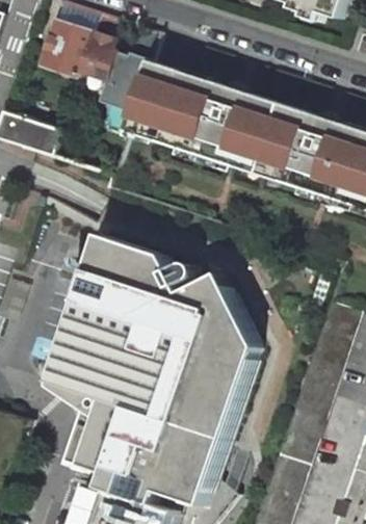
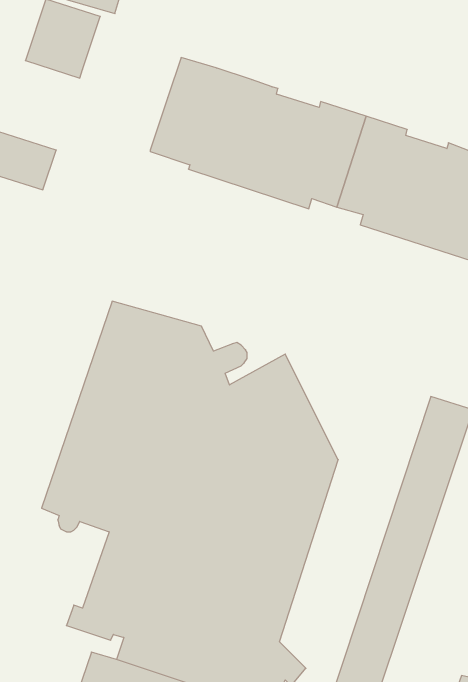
building: [72,23,152,87] -> none

